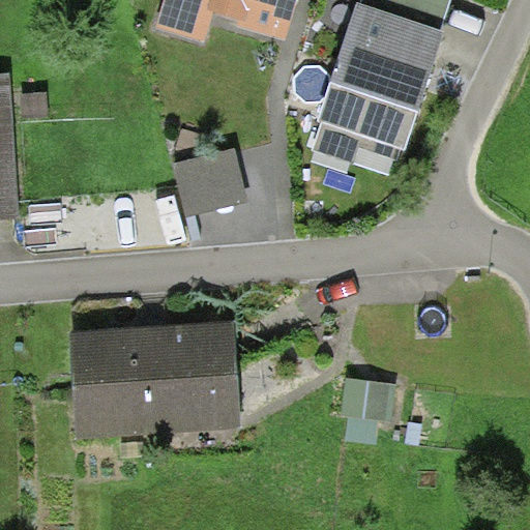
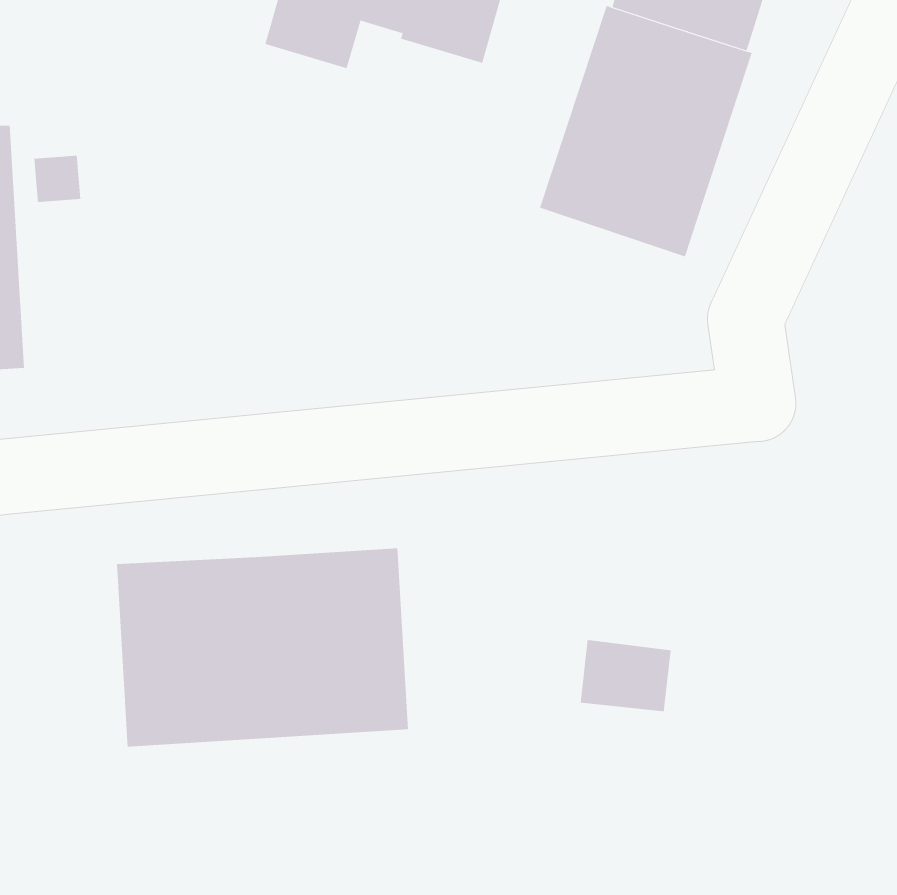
building: [171,147,246,216] -> none

